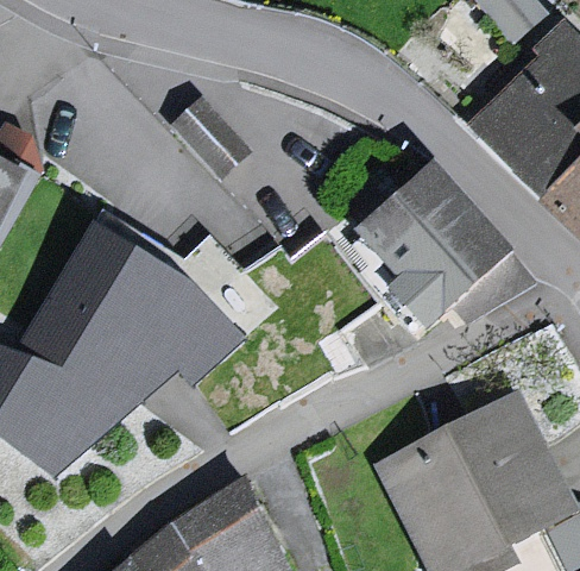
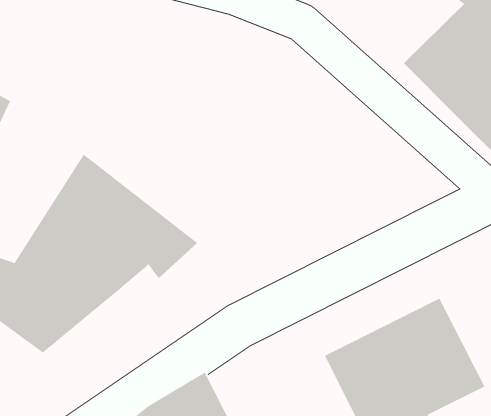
building: [360,169,528,320] -> none

